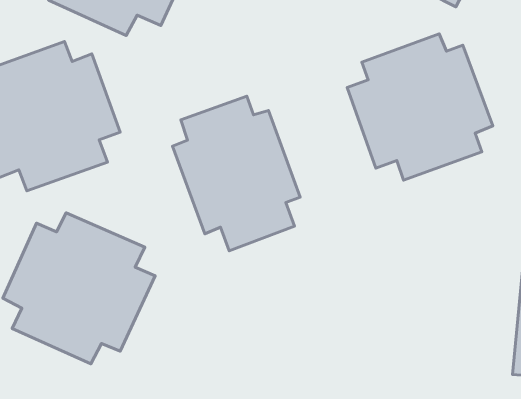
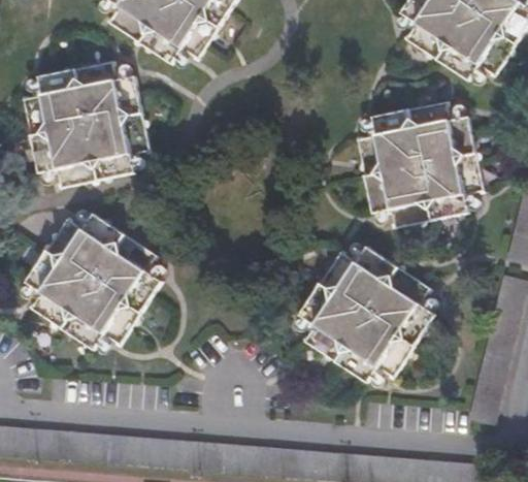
building: [173,96,300,251] -> none
building: none -> [302,249,439,383]

